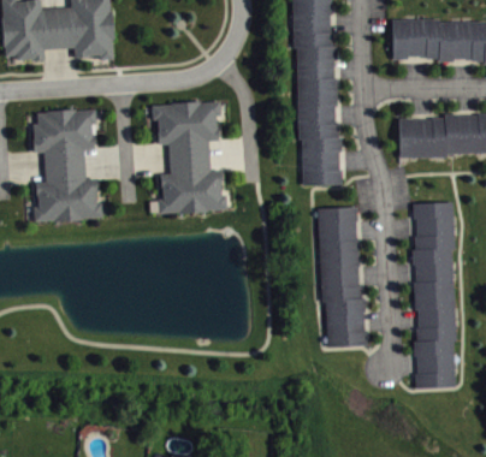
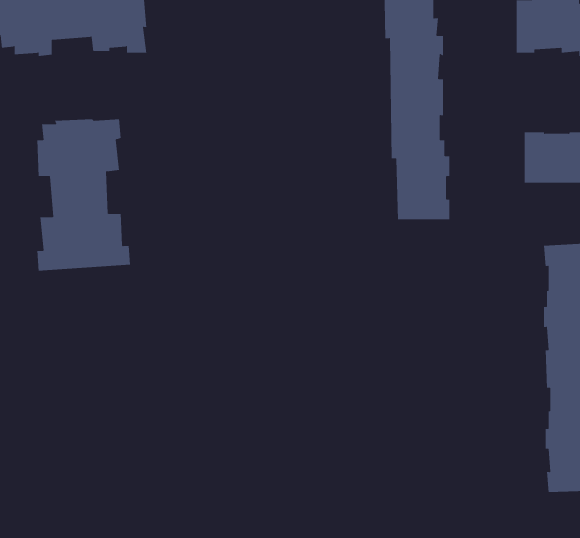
building: [152,101,227,213] -> none
building: [318,206,367,345] -> none

